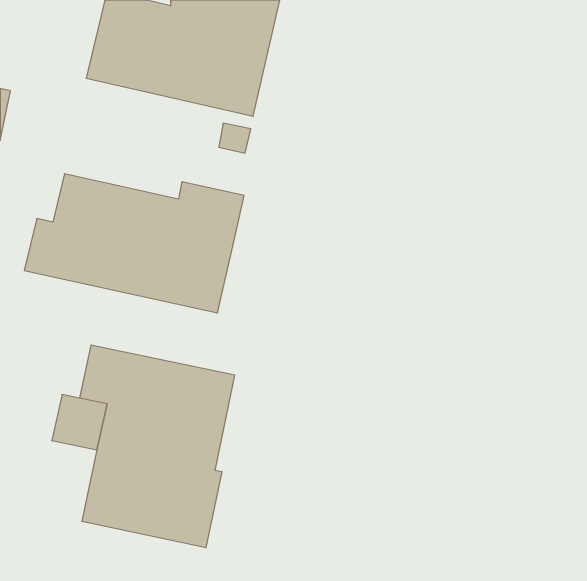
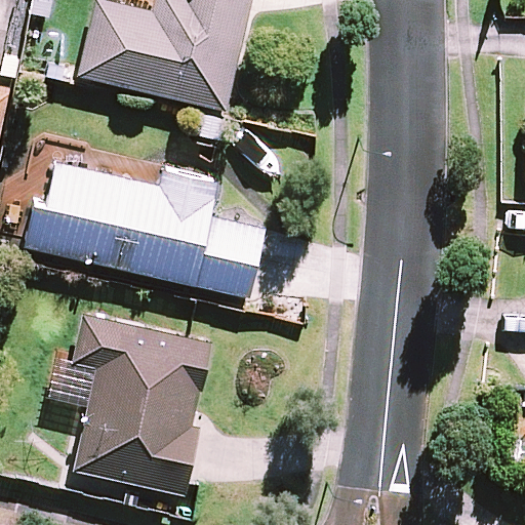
building: none -> [195,217,264,297]

